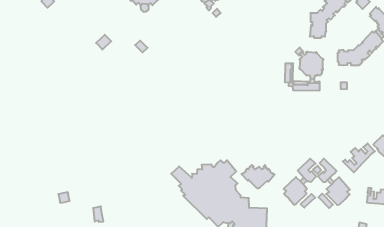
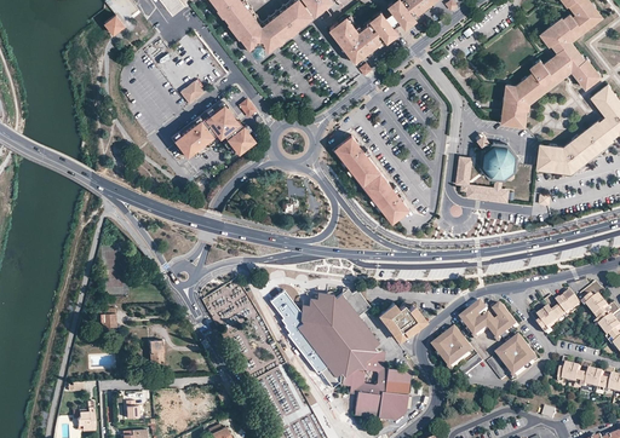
building: none -> [171,99,253,159]
building: none -> [332,136,408,220]

